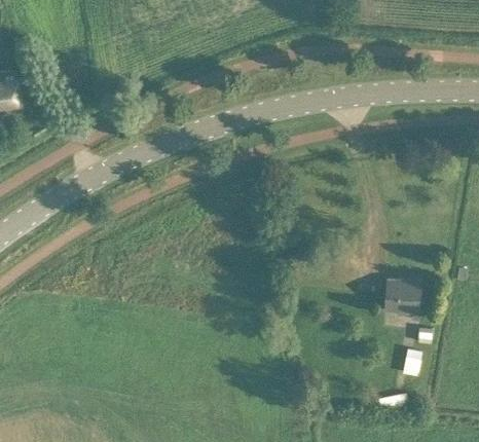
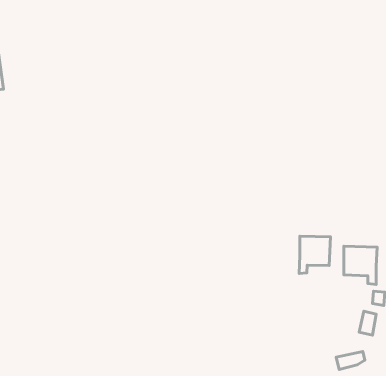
building: none -> [299,236,330,273]

